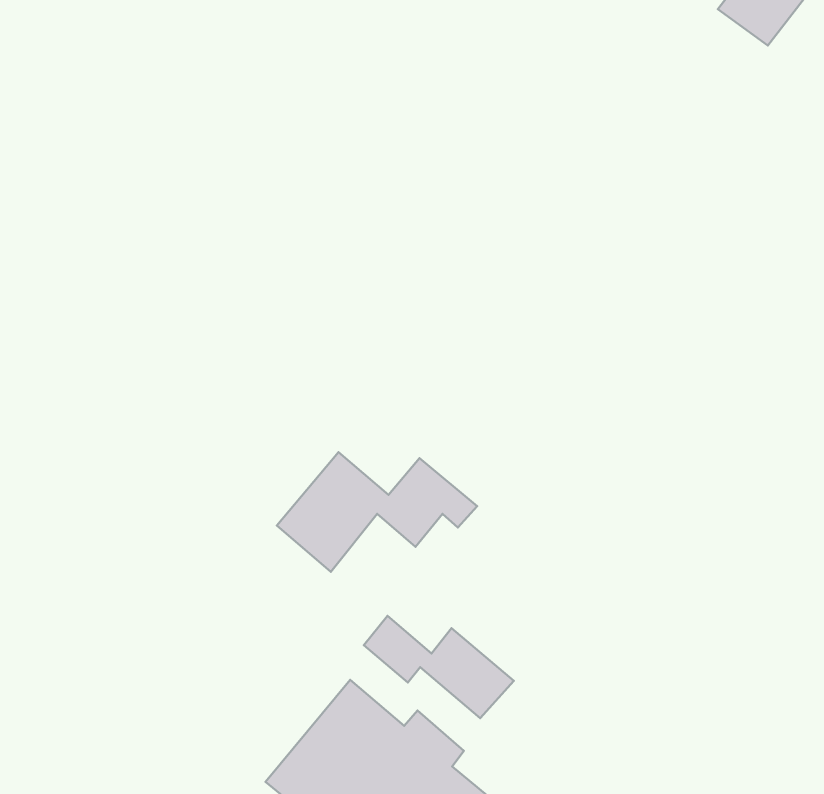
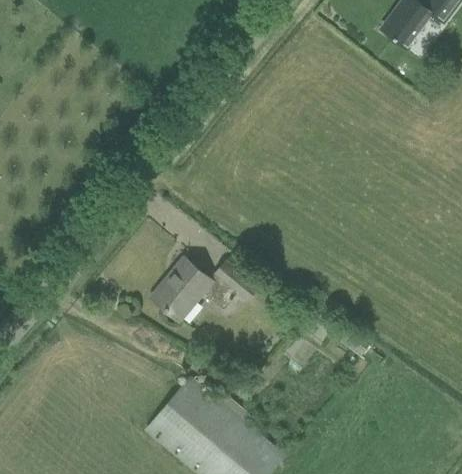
building: [364,616,514,718] -> none

